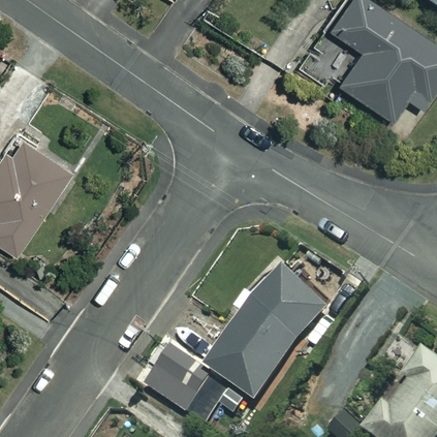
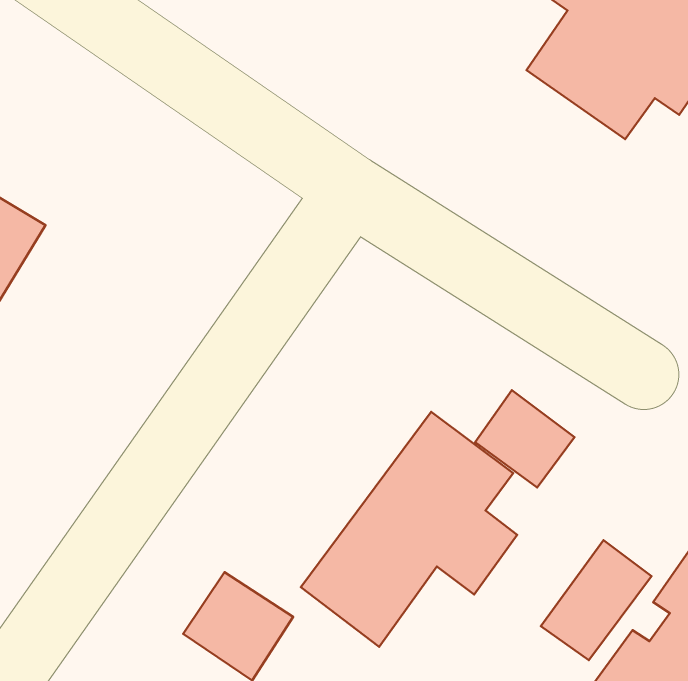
building: none -> [475,390,575,488]
building: none -> [541,540,651,660]

